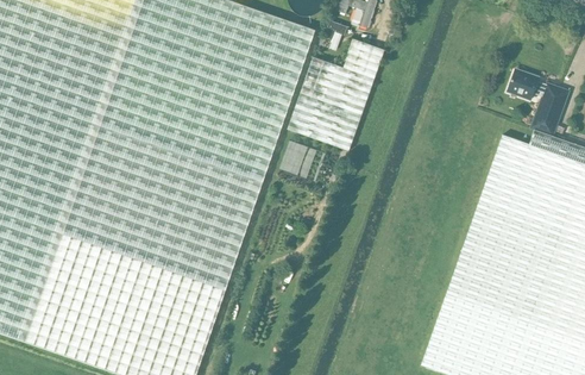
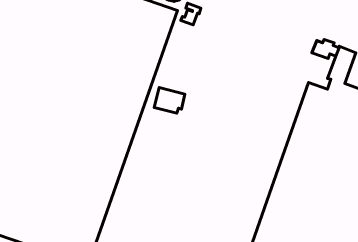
building: [287,39,384,151] -> none

